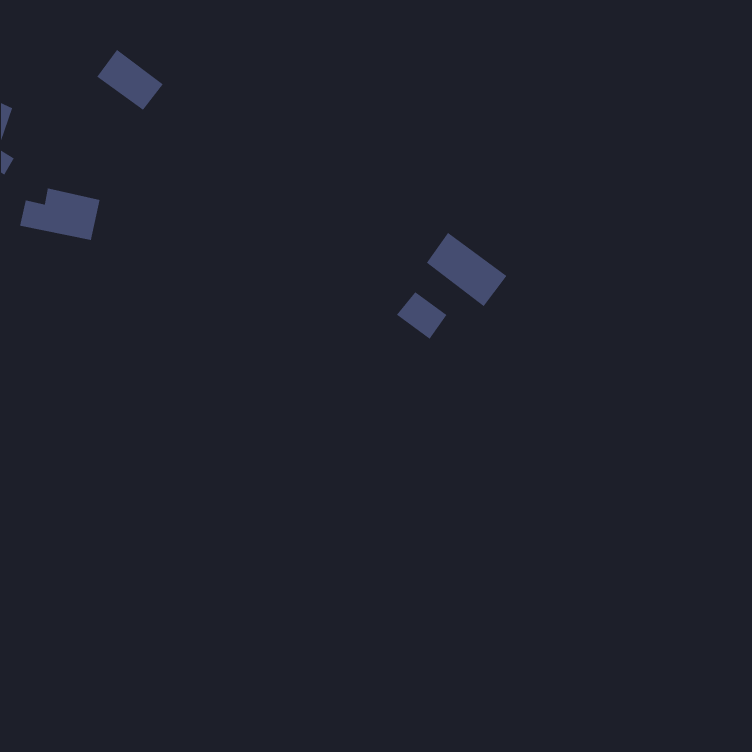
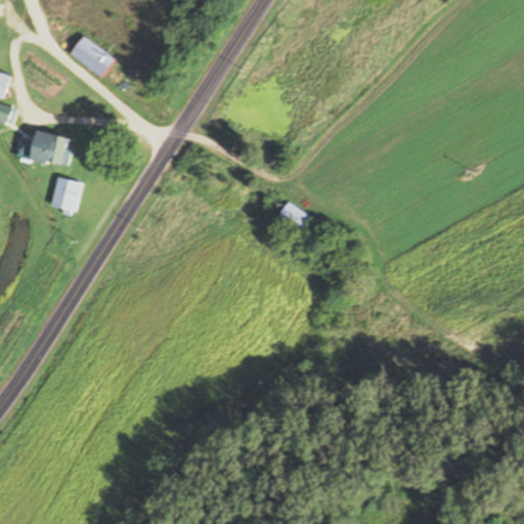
building: [426,232,507,307] -> none
building: none -> [51,177,81,212]

